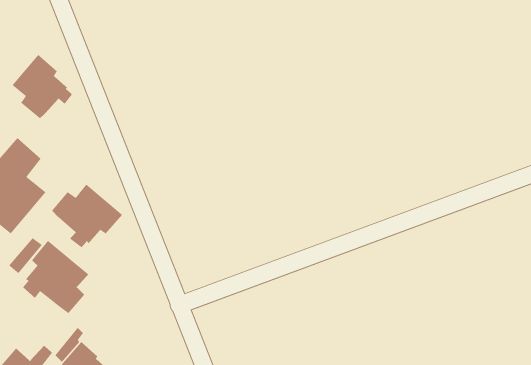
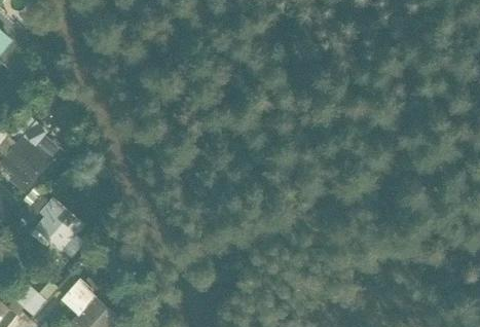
building: [11,54,73,119] -> none
building: [51,183,123,248] -> none

